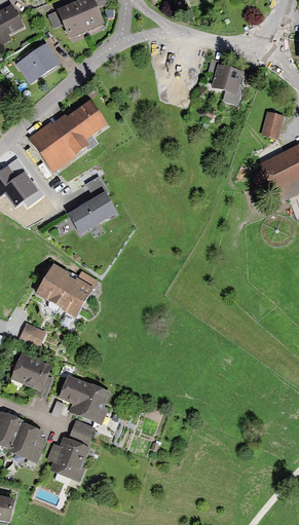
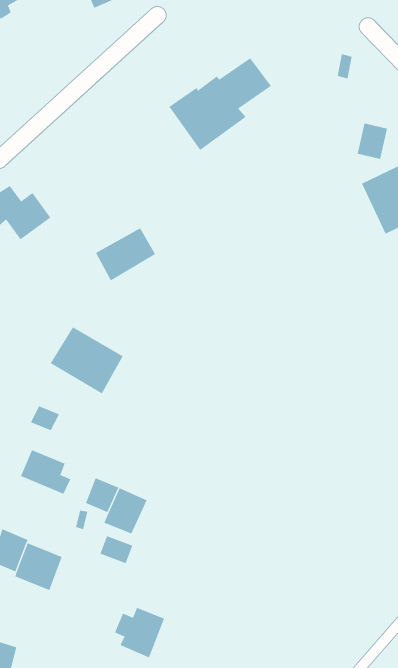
building: [18,46,59,83] -> none
building: [213,62,242,95] -> none
building: [30,104,105,172] -> [169,57,272,151]
building: [50,440,87,477] -> [114,607,165,658]

